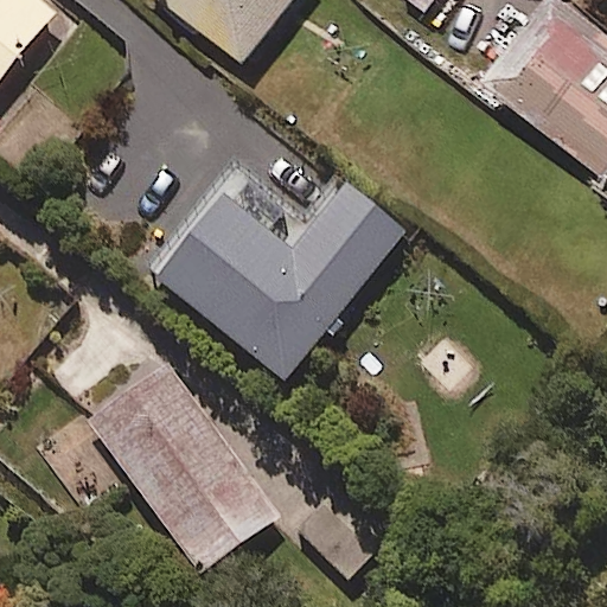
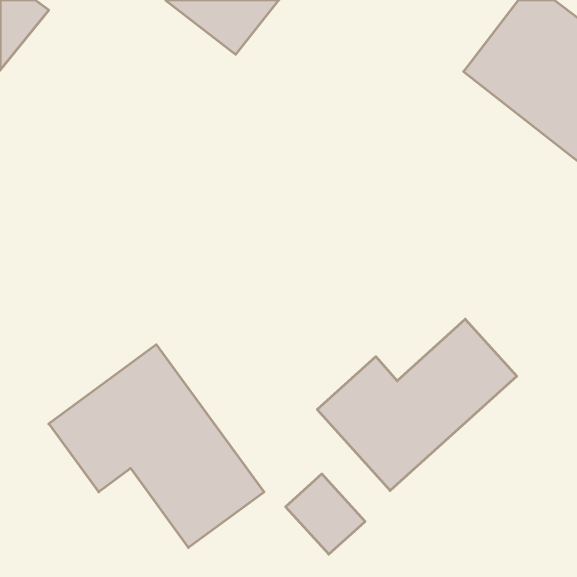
building: [152,166,403,381] -> none
building: none -> [317,319,517,491]

